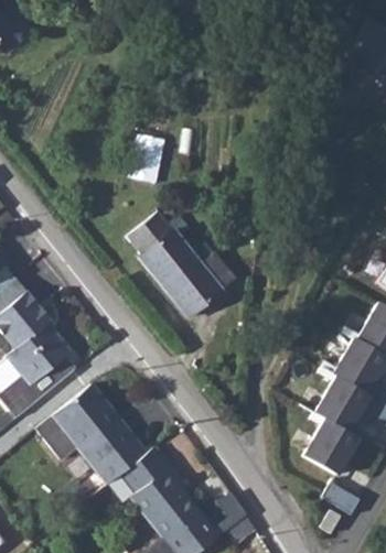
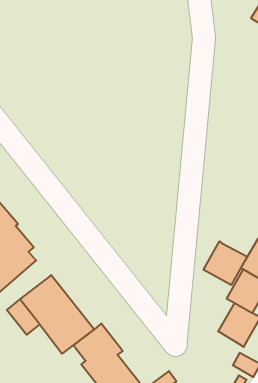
building: [128,134,164,183] -> none
building: [127,212,236,321] -> none
building: none -> [204,241,247,285]

